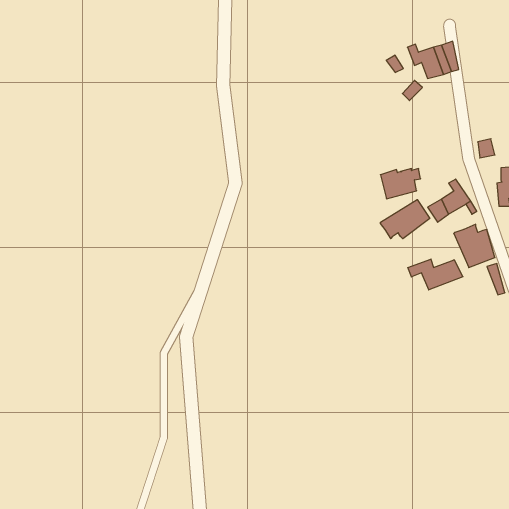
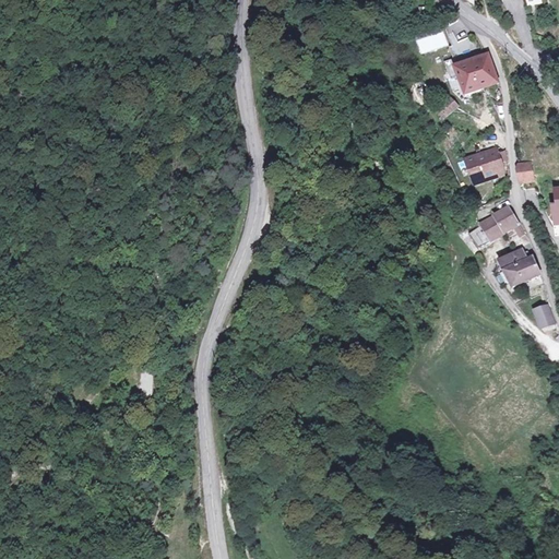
building: [380,169,421,199] -> [461,146,504,179]
building: [381,200,430,239] -> none
building: [408,259,463,290] -> none

